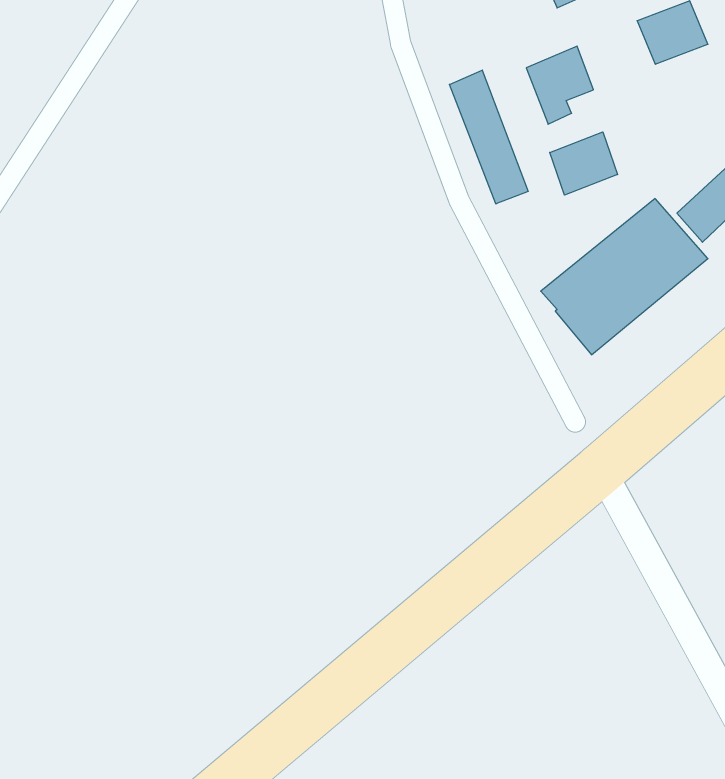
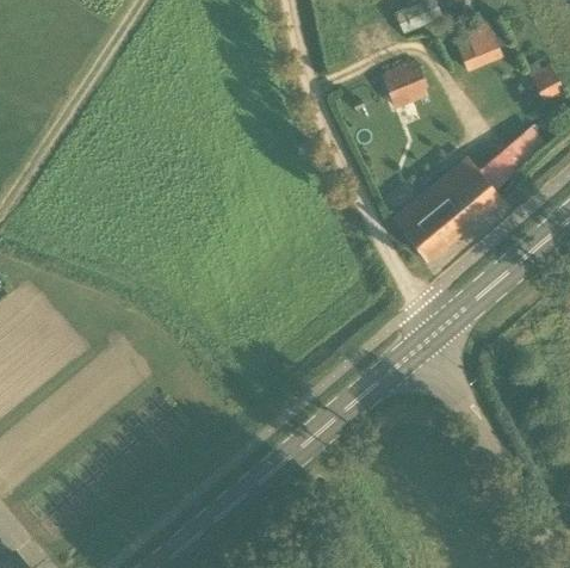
building: [449,70,528,204] -> none
building: [550,132,618,195] -> none

